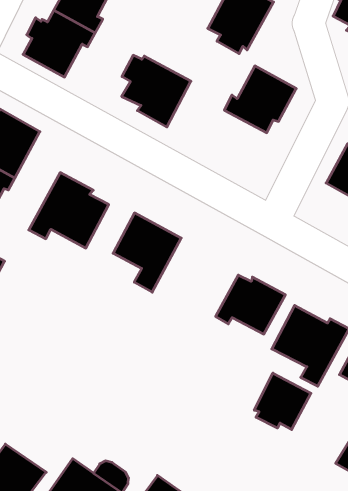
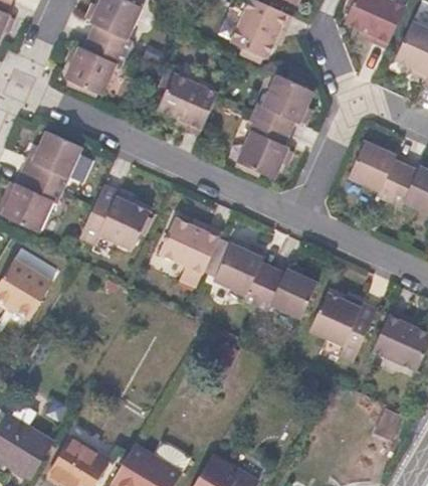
building: none -> [236,116,290,179]
building: none -> [213,242,273,305]
building: [254,373,311,430] -> none

